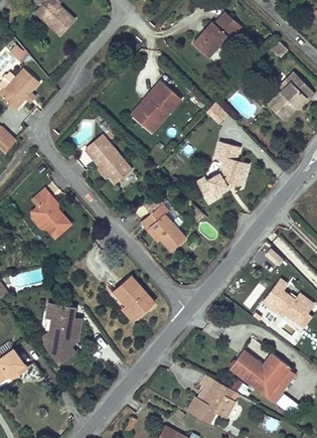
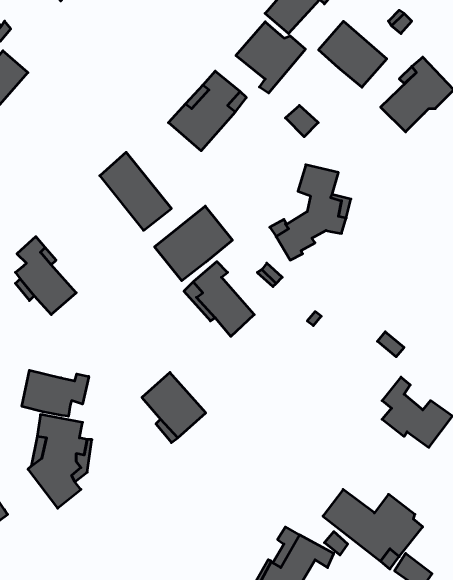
building: none -> [319,21,387,87]
building: none -> [236,22,305,93]
building: none -> [155,206,232,281]
building: none -> [22,370,89,416]

